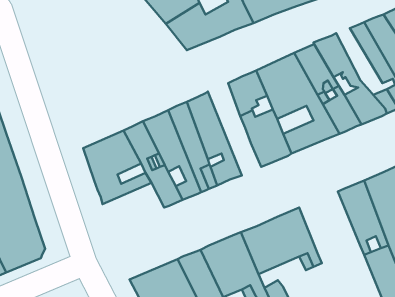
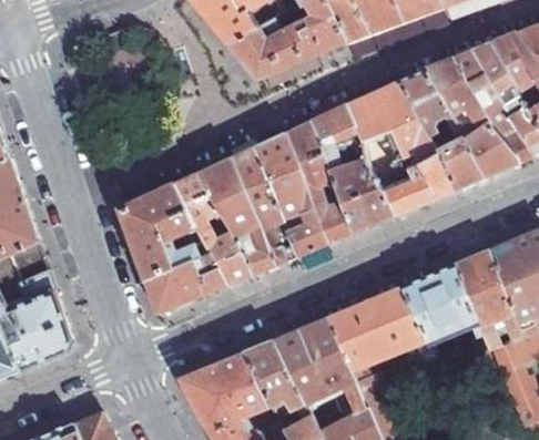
building: none -> [451,50,513,132]
building: none -> [283,122,353,243]
building: none -> [144,253,225,315]
building: none -> [403,264,482,345]

